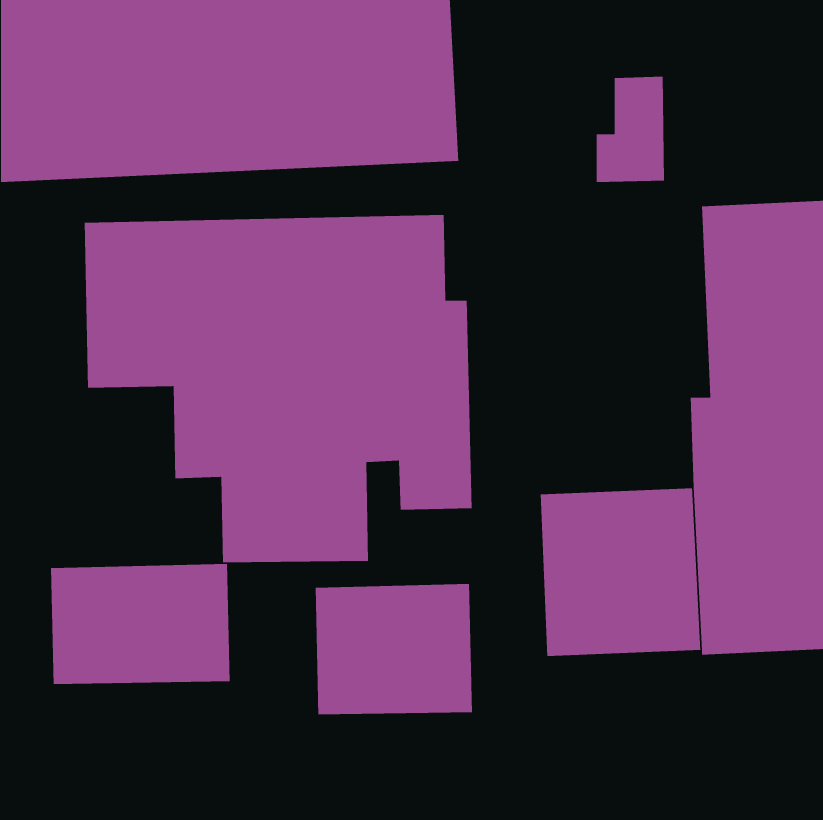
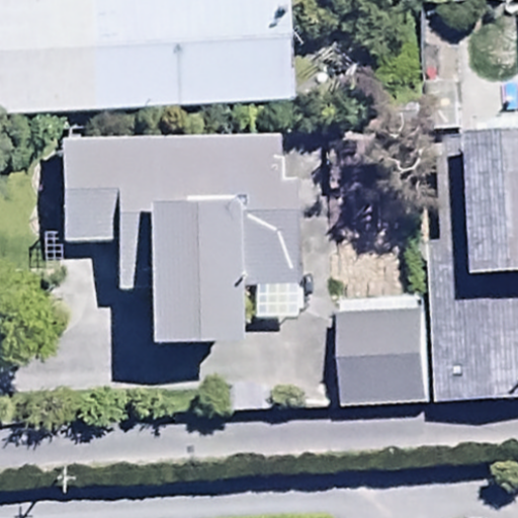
building: [50,563,231,685] -> none
building: [315,583,473,715] -> none

